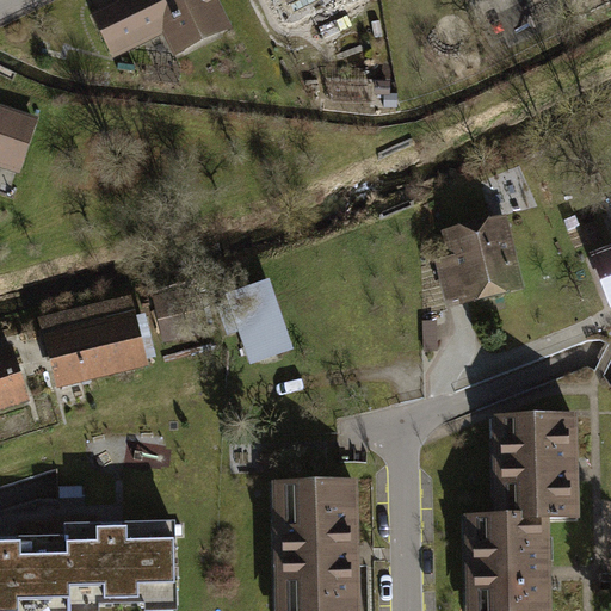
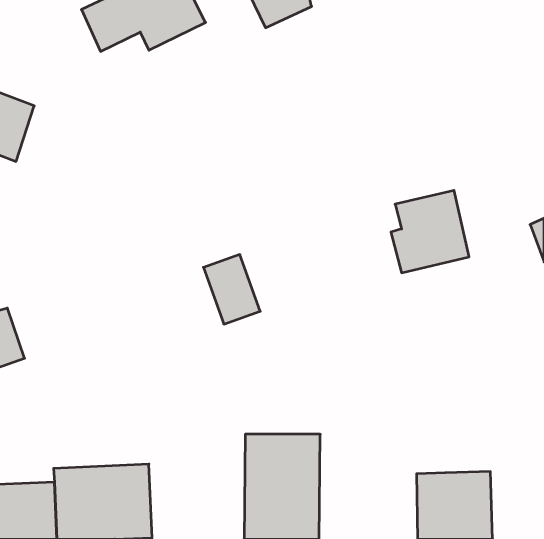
building: [39,294,149,387] -> none
building: [493,415,580,527] -> none

